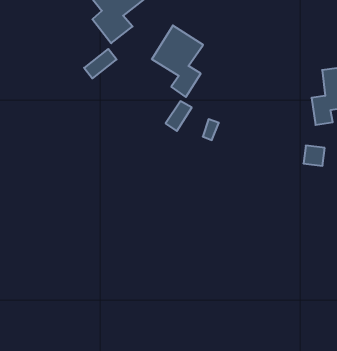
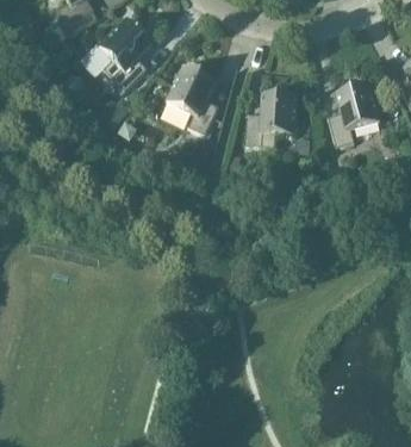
building: none -> [243,91,297,144]

